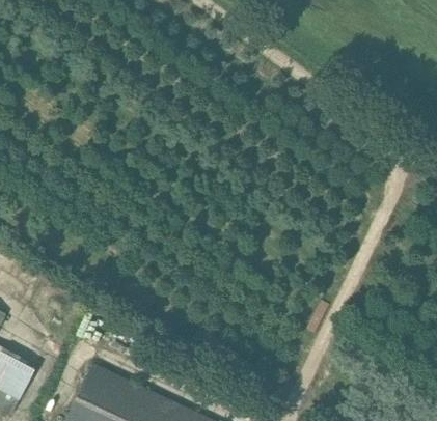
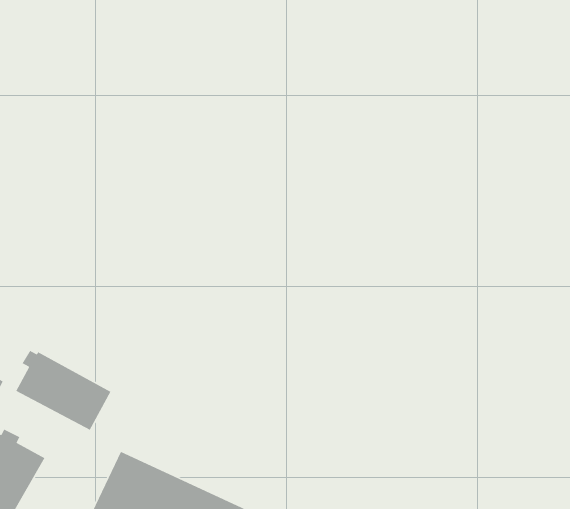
building: none -> [15,350,112,431]

